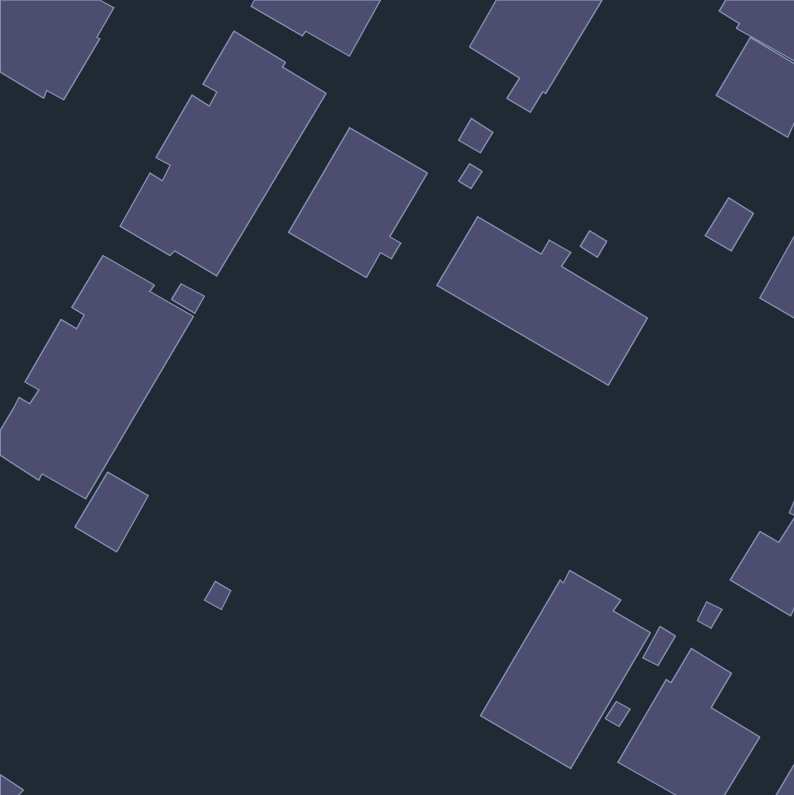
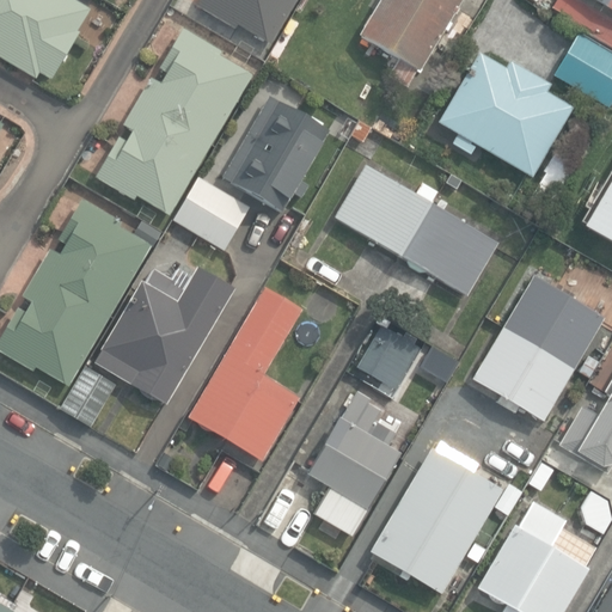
building: none -> [440,55,574,178]
building: none -> [172,173,250,247]
building: none -> [94,264,233,402]
building: none -> [471,275,602,421]
building: none -> [190,288,305,464]
building: none -> [359,329,420,391]
building: none -> [307,391,400,539]

